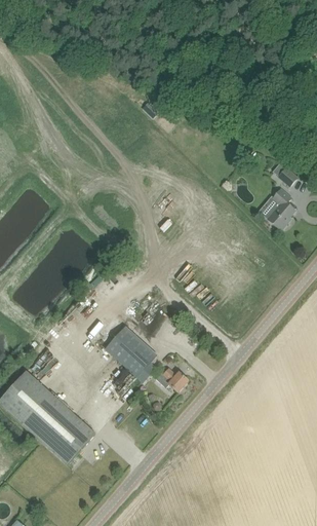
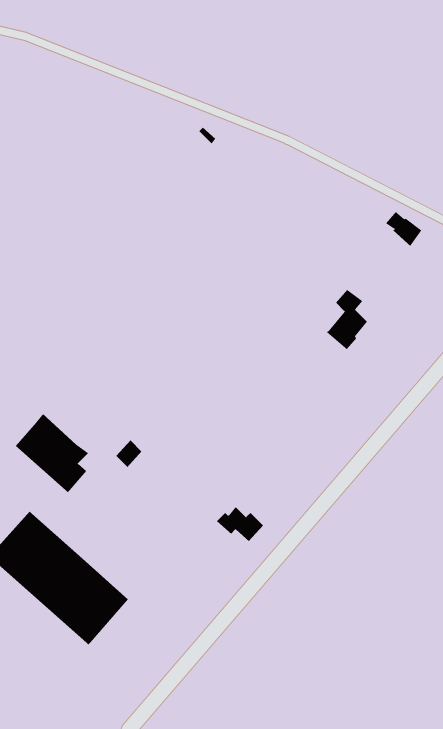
building: [266,187,294,229] -> [326,289,368,350]
building: [106,326,157,381] -> [15,413,89,493]

